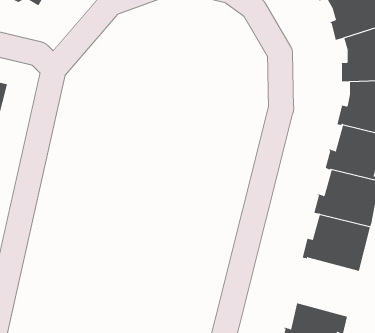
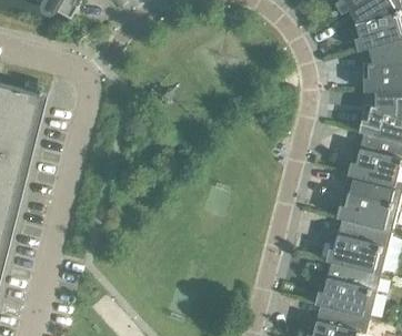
building: none -> [315,262,381,318]

